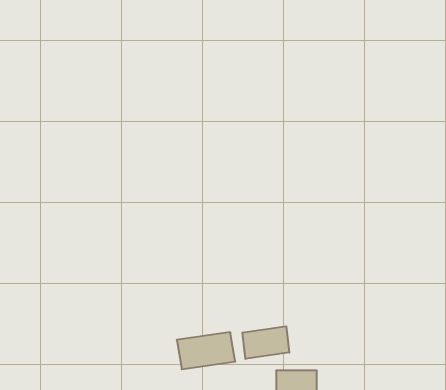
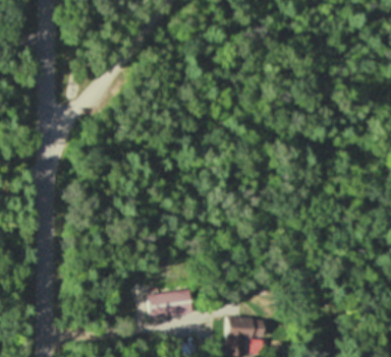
building: [242,326,289,359] -> none

